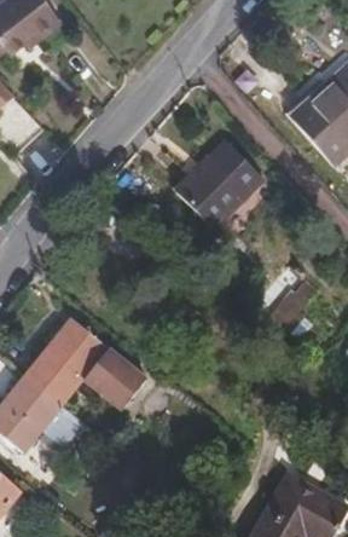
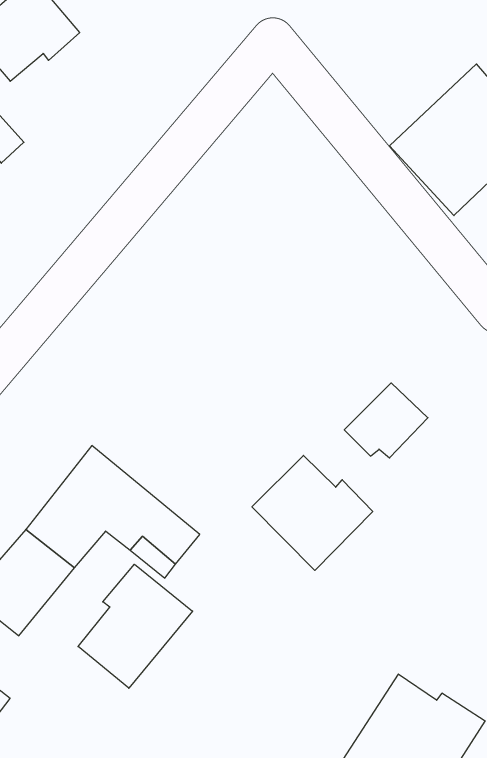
building: [174,139,259,224] -> none
building: none -> [252,455,373,570]
building: none -> [78,564,193,688]

